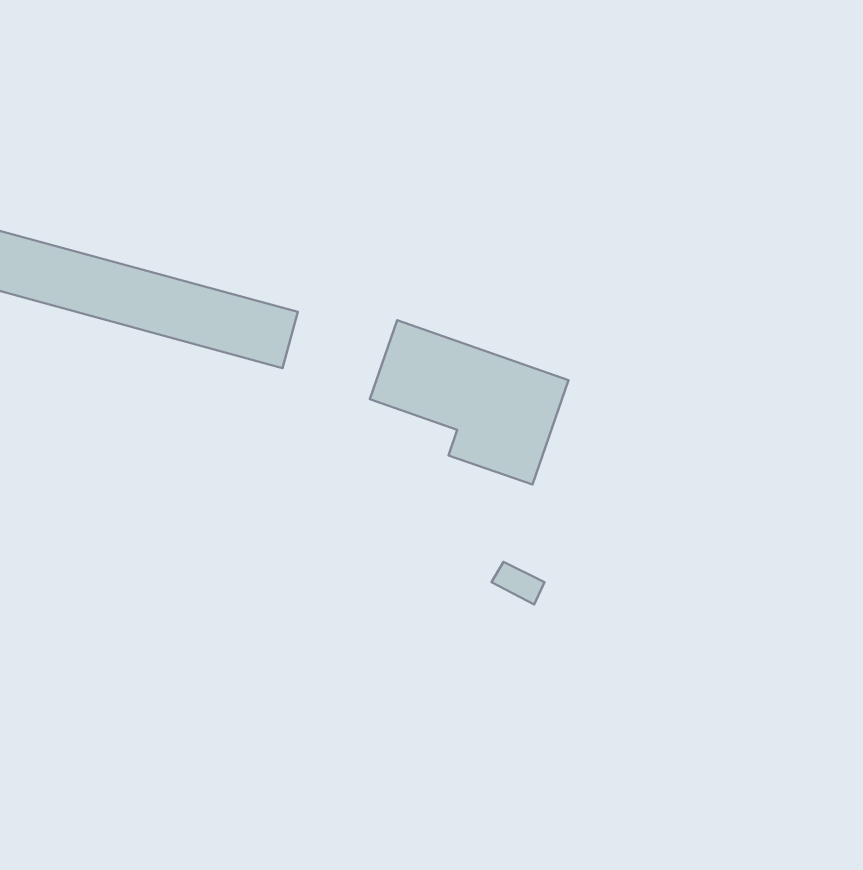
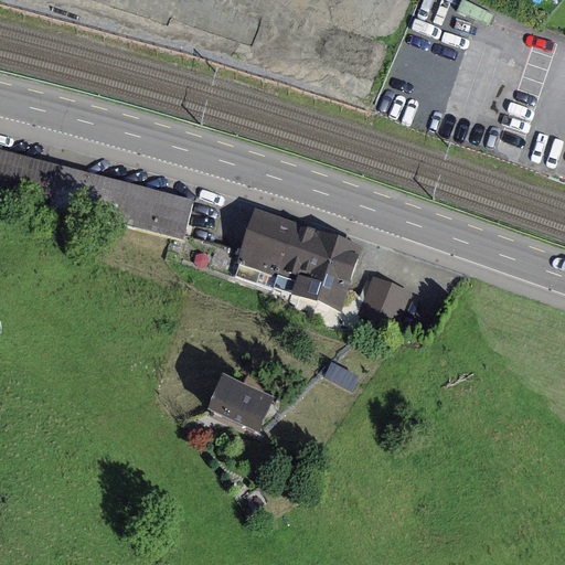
building: none -> [354,276,405,324]
building: none -> [205,374,265,429]

